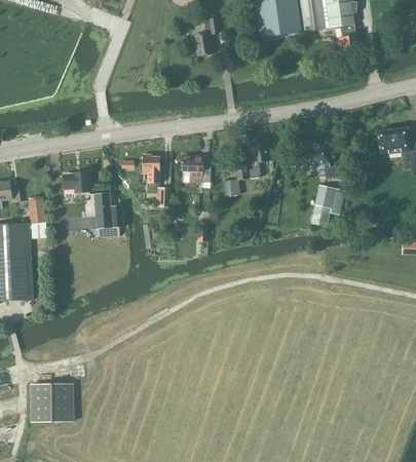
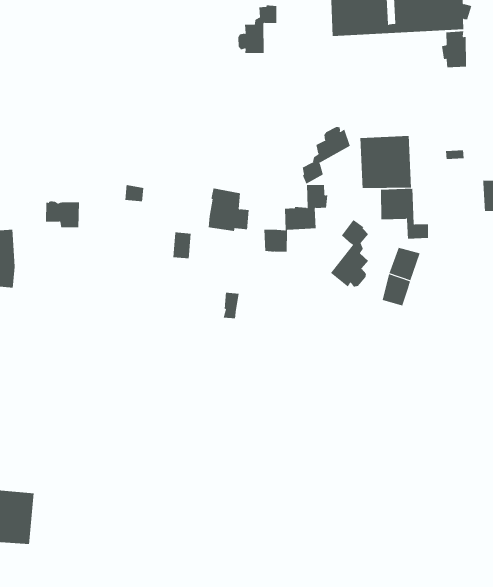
building: none -> [302,126,350,185]
building: none -> [360,135,411,189]
building: [140,154,160,183] -> none
building: none -> [330,219,369,287]
building: [94,193,123,229] -> none

